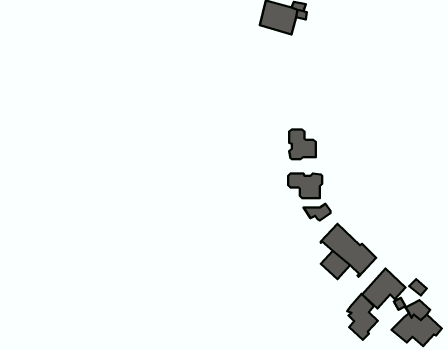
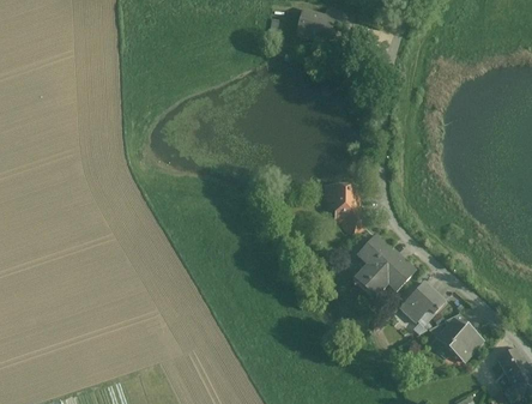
building: [289,129,316,159] -> none
building: [347,294,378,340] -> none

